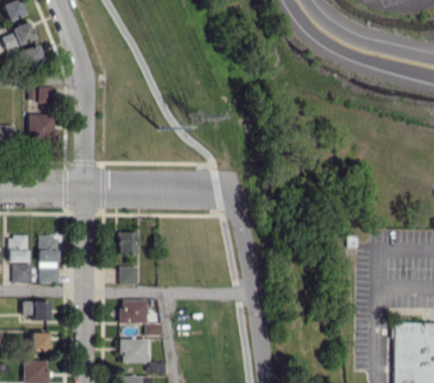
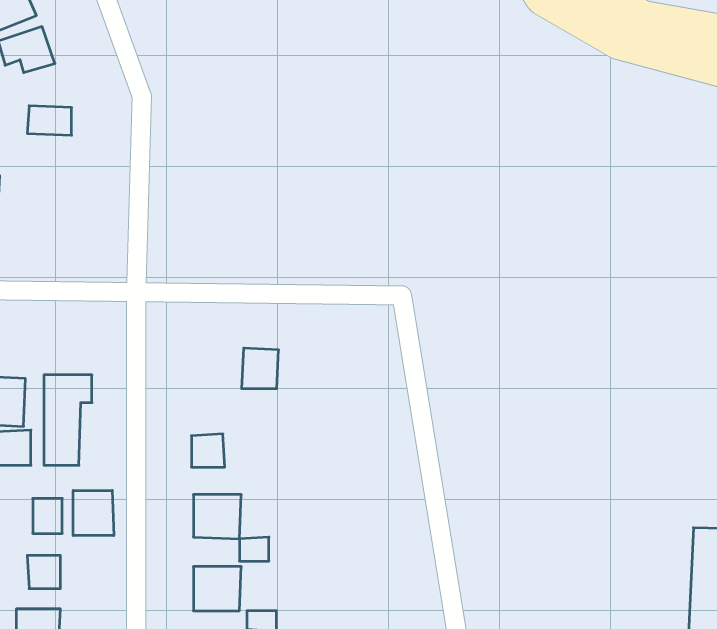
building: [28,114,57,142] -> none
building: [118,231,138,253] -> [242,348,279,389]
building: none -> [73,490,114,536]

